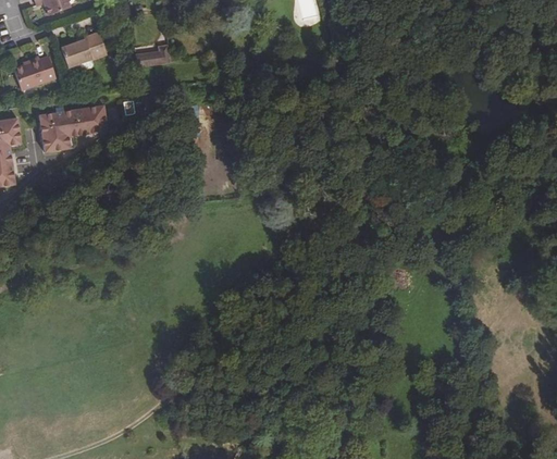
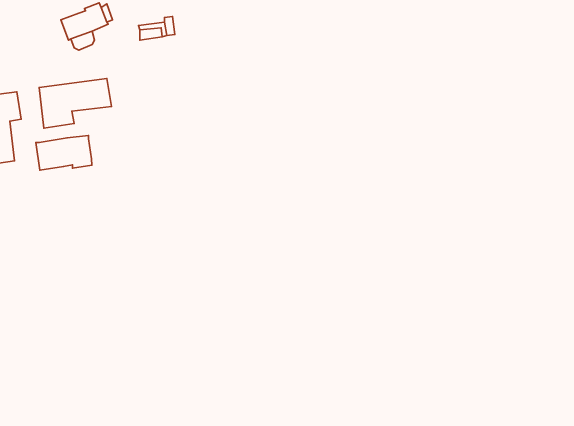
building: [12,54,54,87] -> none
building: none -> [36,136,92,170]

